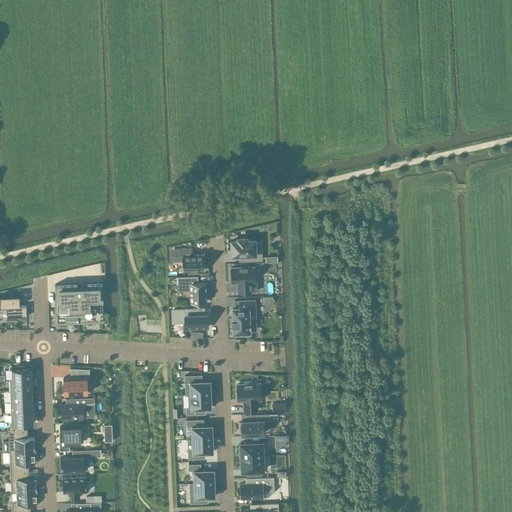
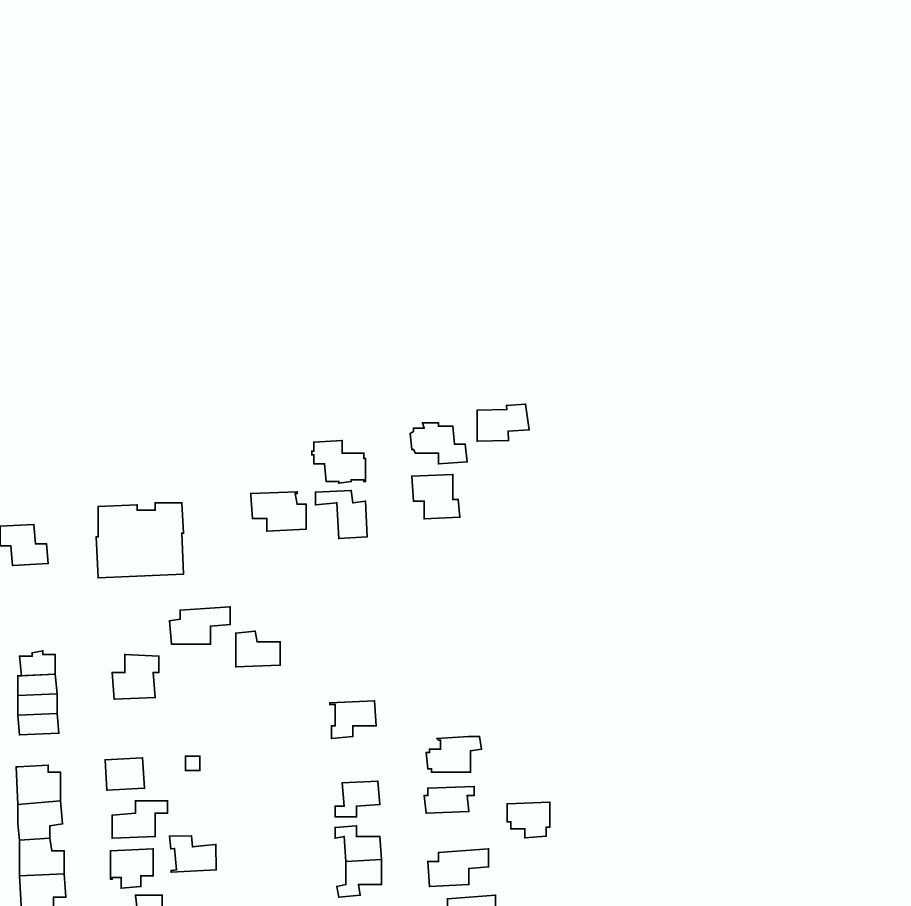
building: none -> [477,404,529,441]
building: [232,302,256,337] -> none
building: [176,309,207,331] -> [251,492,306,531]
building: [185,377,210,397] -> [236,631,280,667]
building: [237,384,260,413] -> none
building: [60,399,94,420] -> [170,607,230,644]
building: [10,414,33,433] -> none
building: [186,422,212,441] -> none
building: [239,458,263,478] -> [507,802,550,838]
building: none -> [170,836,216,872]

